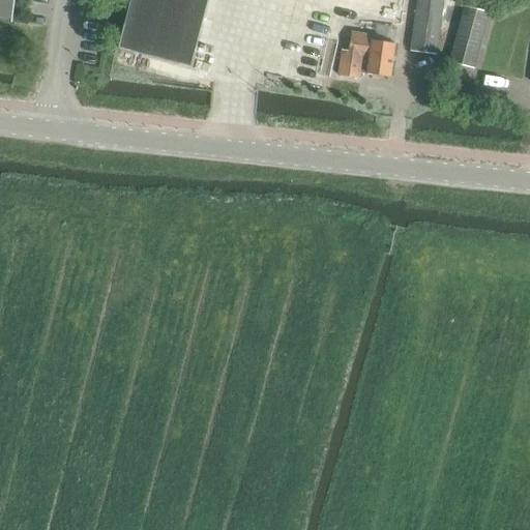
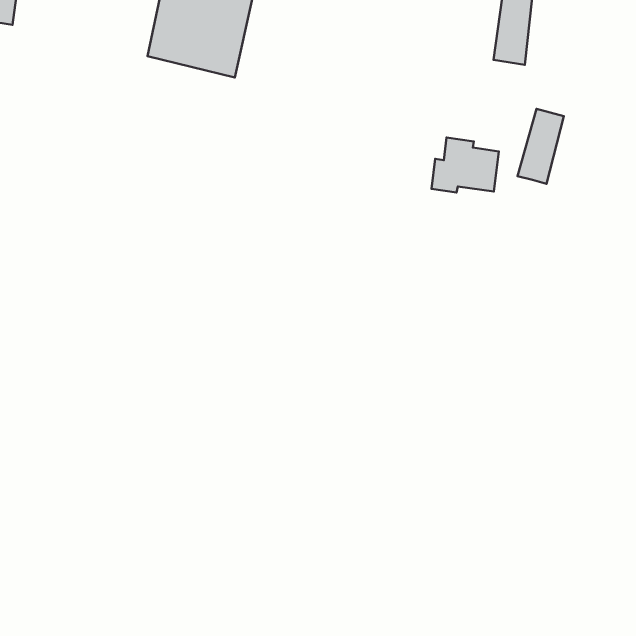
building: [448,5,487,67] -> [518,109,564,184]
building: [337,31,393,77] -> [431,138,499,193]

